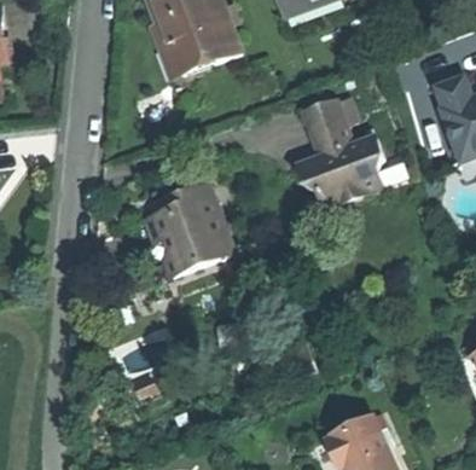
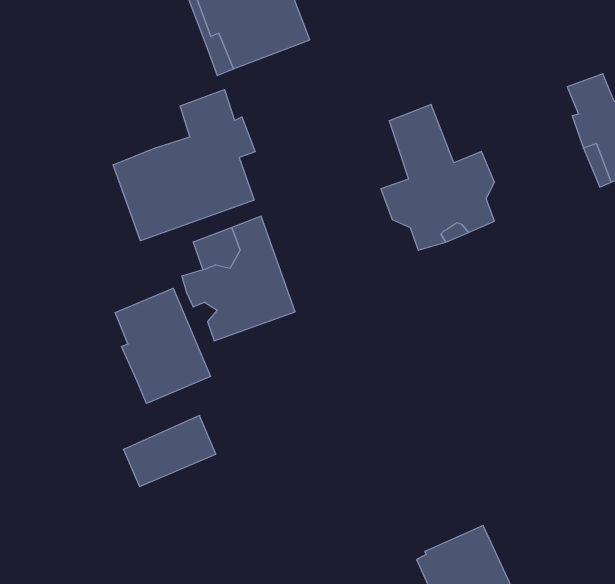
building: none -> [113,90,255,241]
building: none -> [115,288,211,403]

